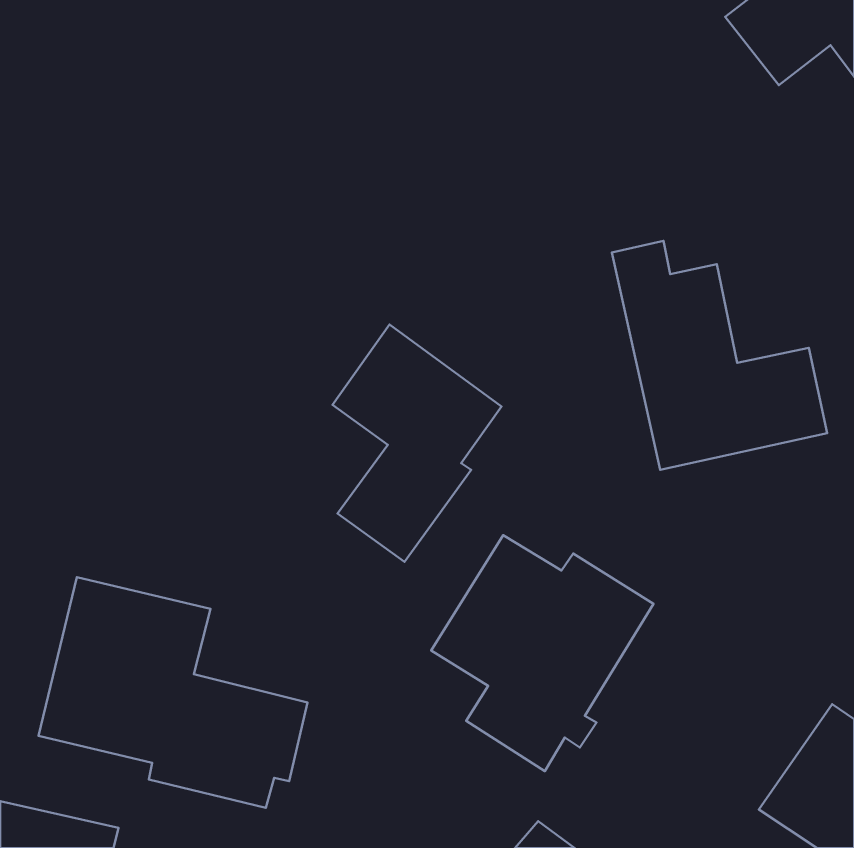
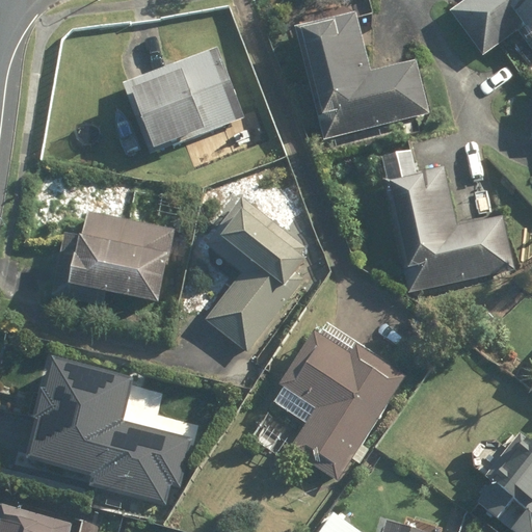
building: none -> [294,8,429,140]
building: none -> [121,45,245,154]
building: none -> [51,209,176,307]

